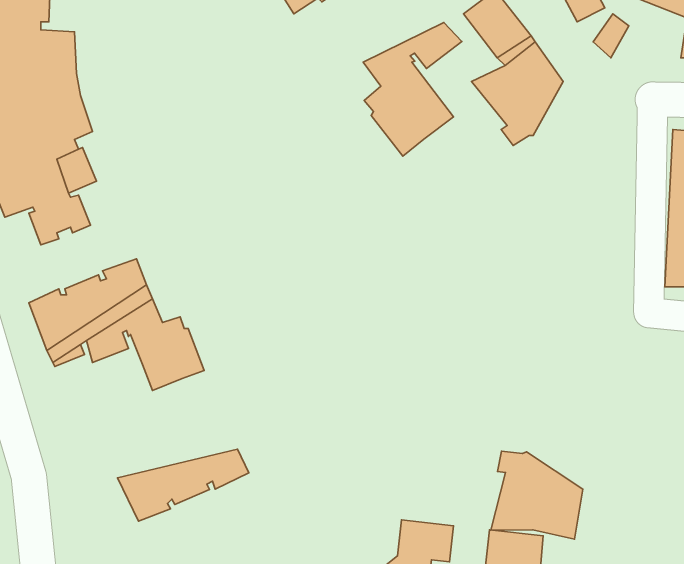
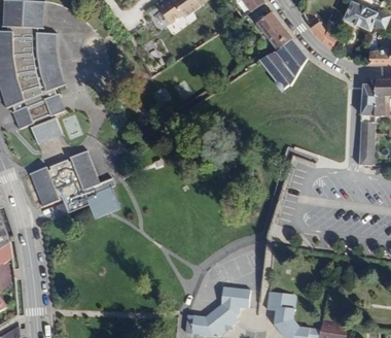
building: [363,22,462,156] -> none
building: [117,449,249,521] -> none
building: [491,451,583,539] -> none

